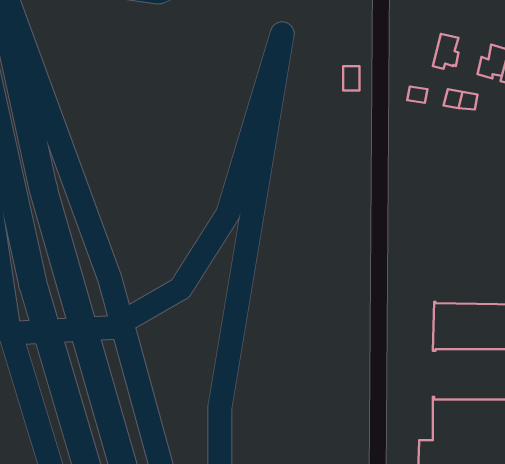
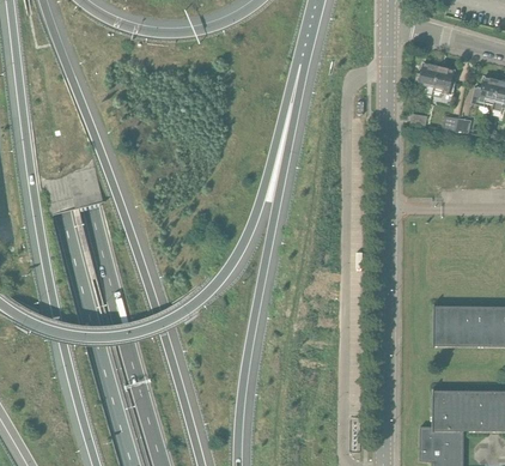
building: none -> [416,63,440,96]

